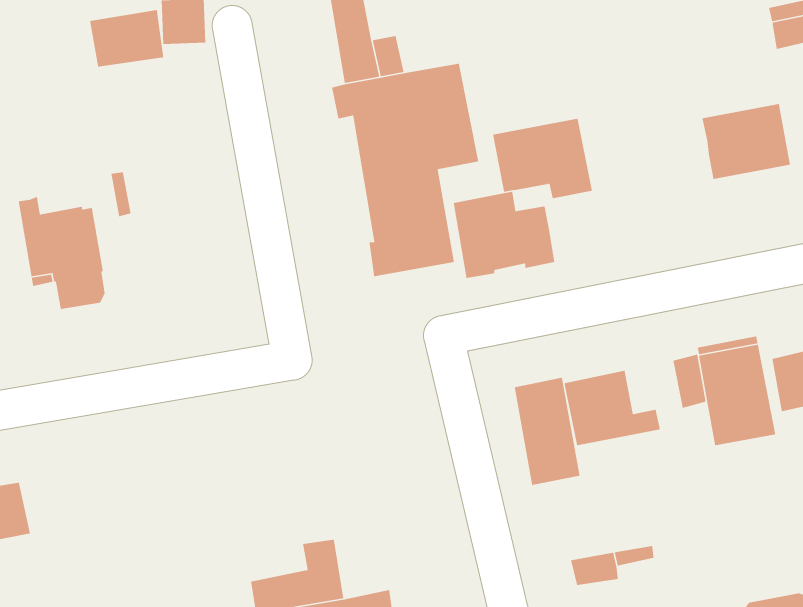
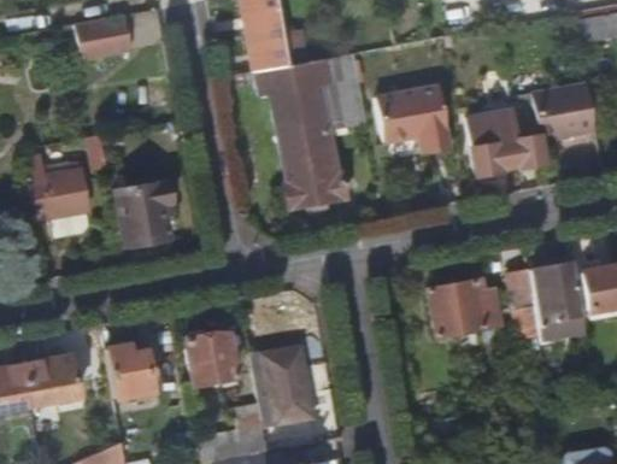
building: [453,191,555,279] -> [468,111,543,176]
building: none -> [117,183,176,241]
building: [514,377,580,486] -> [262,348,311,429]
building: none -> [186,335,235,388]
building: none -> [106,347,155,401]
building: none -> [25,356,81,404]

